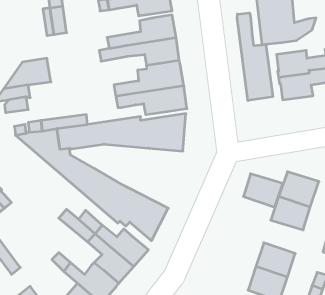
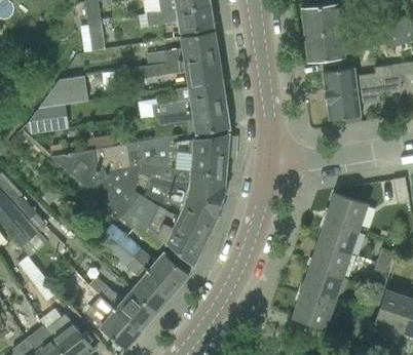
building: [237,13,273,101] -> none
building: none -> [108,165,226,232]
building: [243,174,283,207] -> [310,244,351,279]

